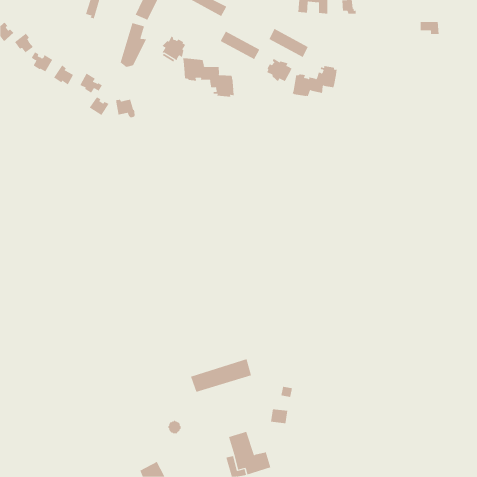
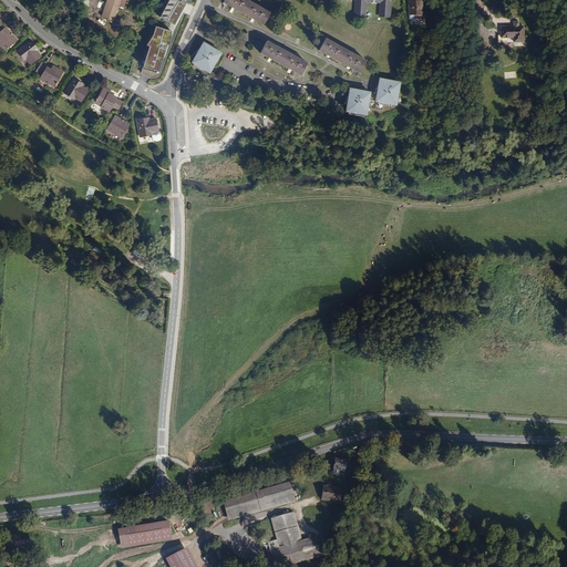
building: [182,58,234,97] -> none
building: [266,58,292,82] -> none
building: [190,359,252,392] -> [221,480,295,519]
building: none -> [117,519,171,547]

